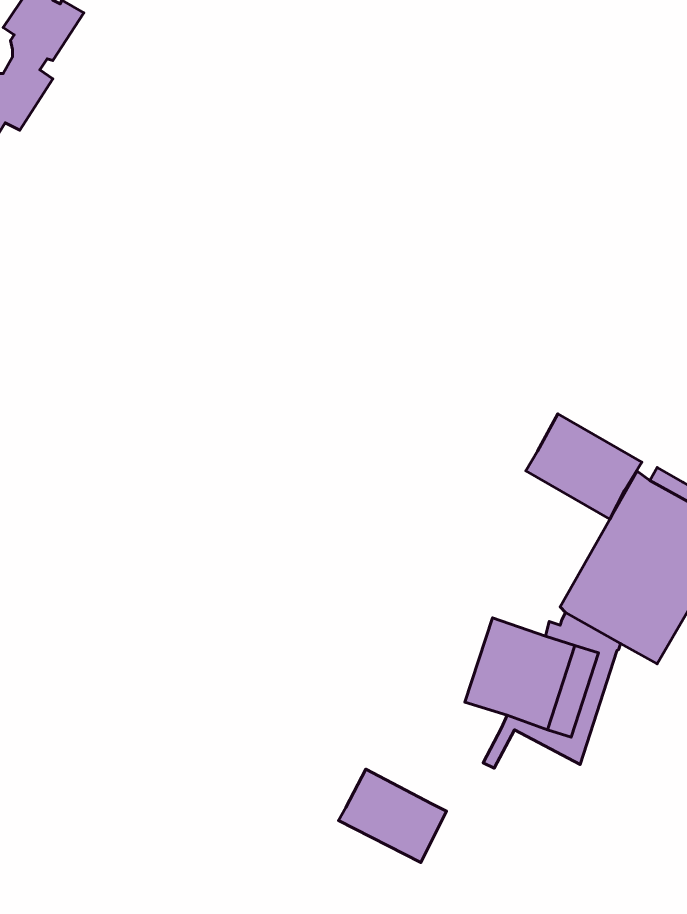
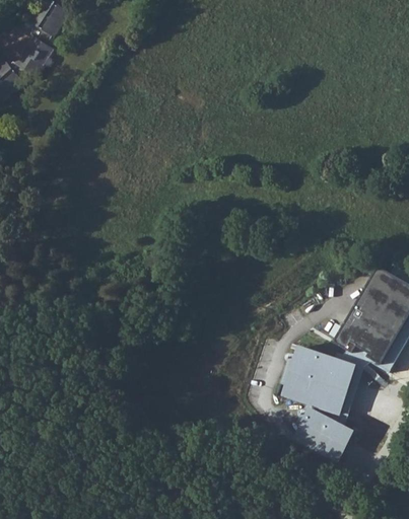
building: [526,414,642,519] -> none
building: [338,769,447,863] -> [292,409,352,460]

